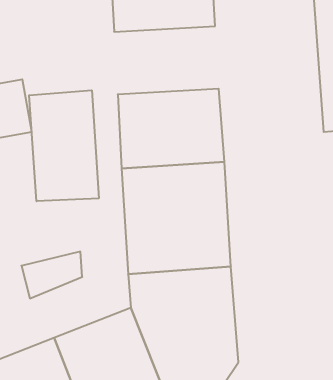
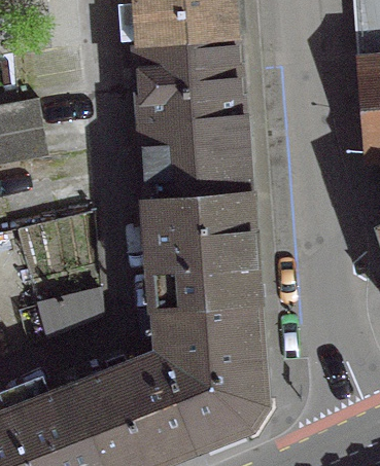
building: none -> [133,41,248,116]
building: [29,90,99,201] -> none

